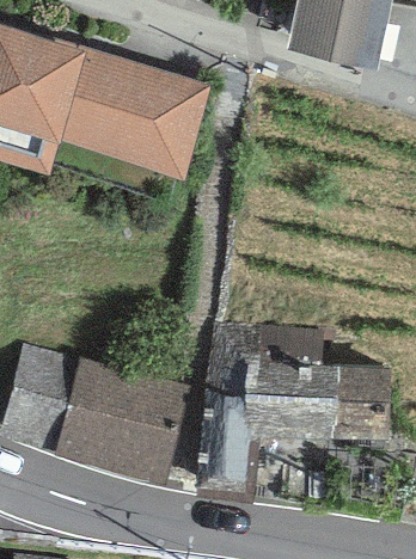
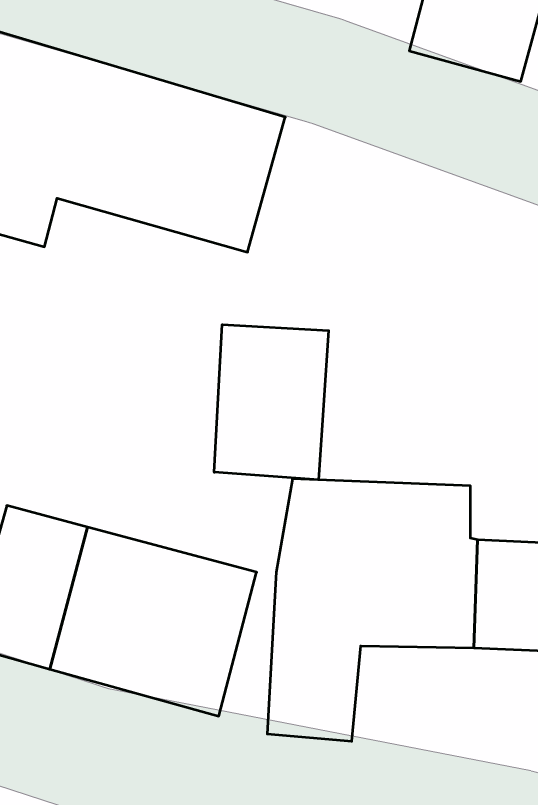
building: none -> [214,325,329,480]

